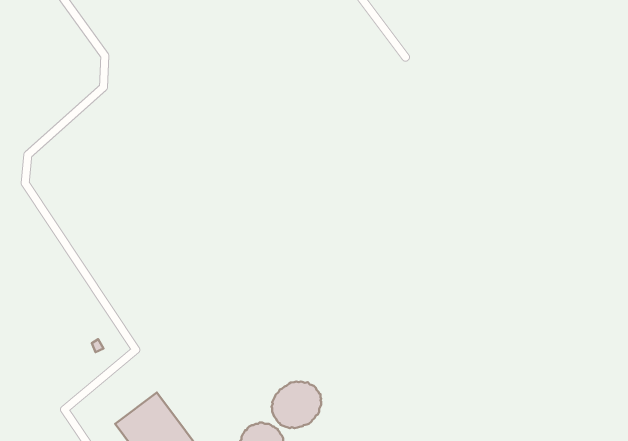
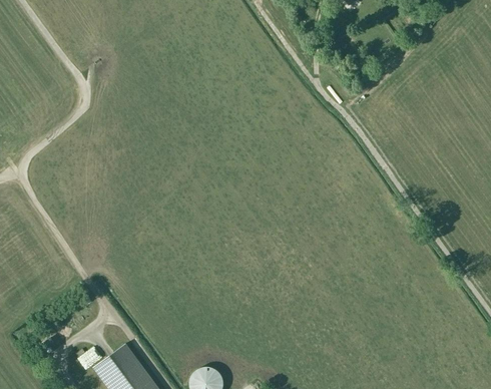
building: [271,381,321,428] -> none

